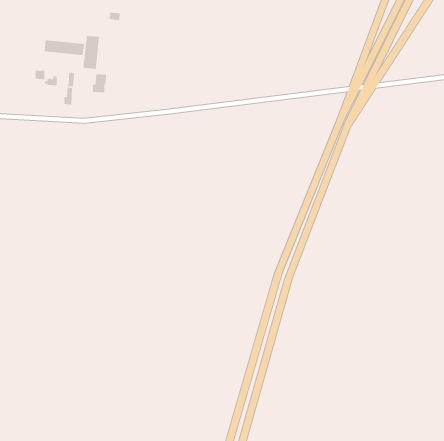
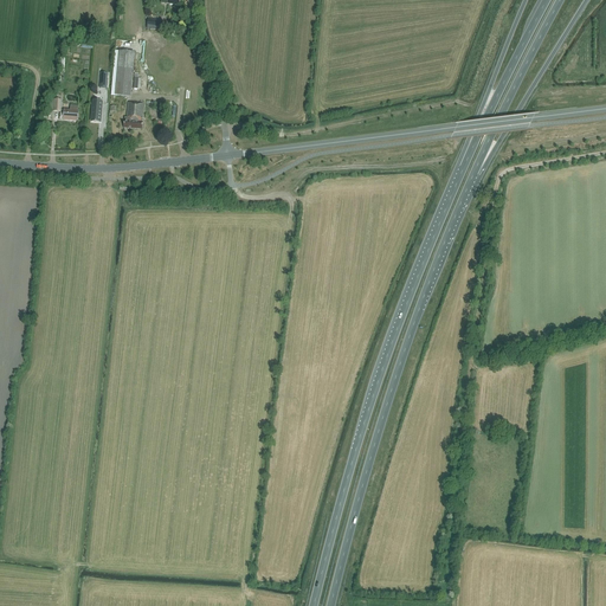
building: [44,39,85,56] -> none

